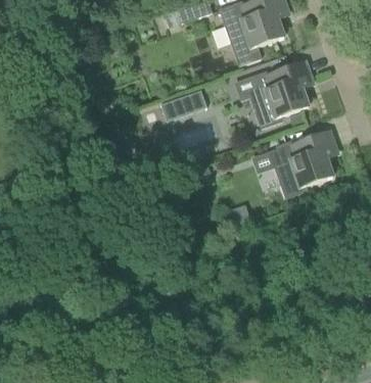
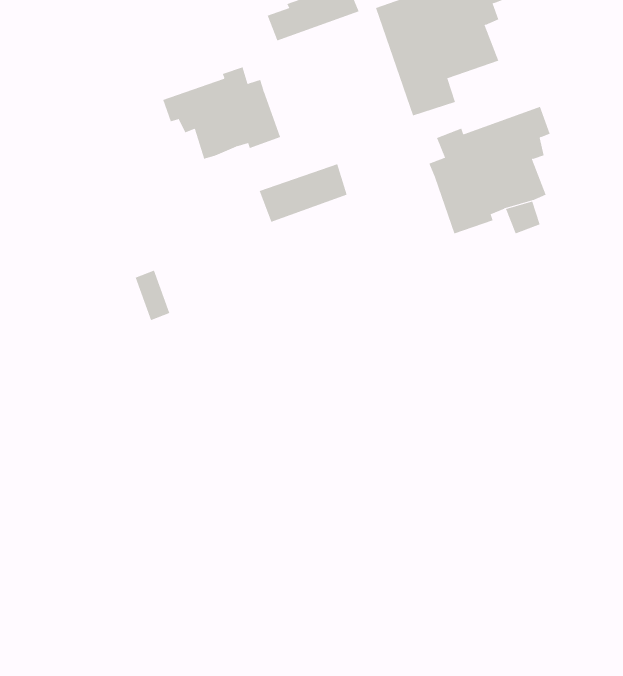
building: none -> [162,67,281,159]
building: [274,129,334,195] -> none

